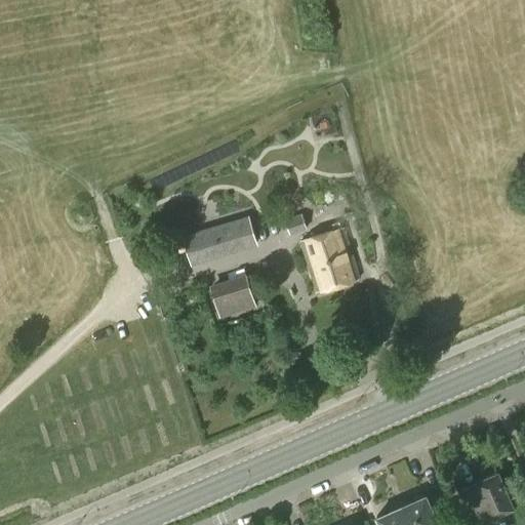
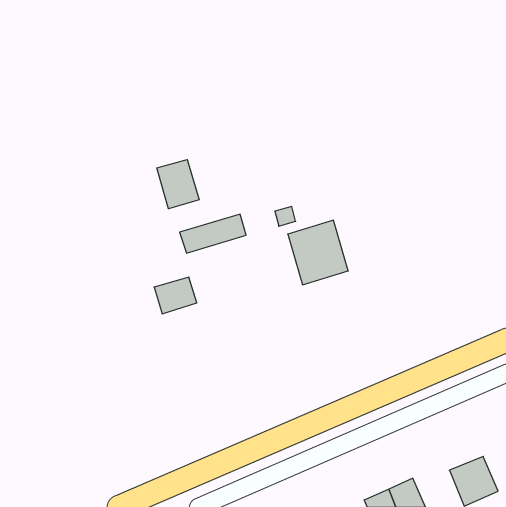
building: none -> [157,160,199,209]
building: [208,280,252,318] -> [154,277,197,314]

